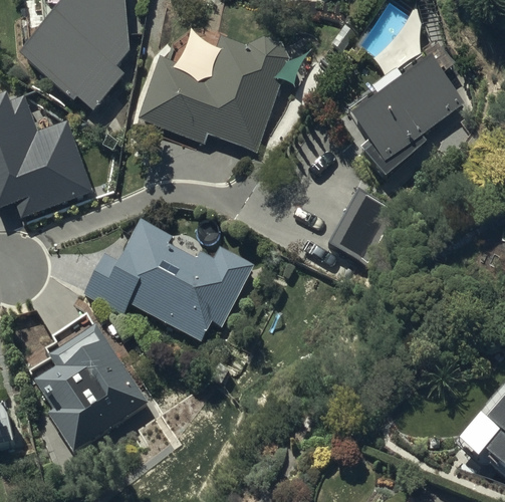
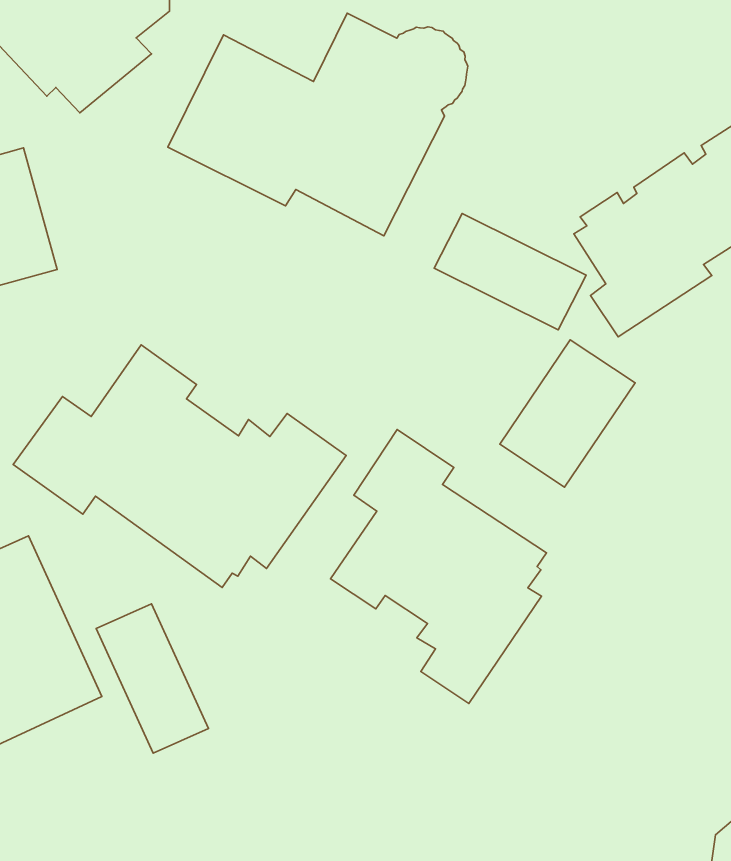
building: none -> [434,214,586,330]
building: none -> [331,429,547,704]
building: none -> [96,604,209,753]

